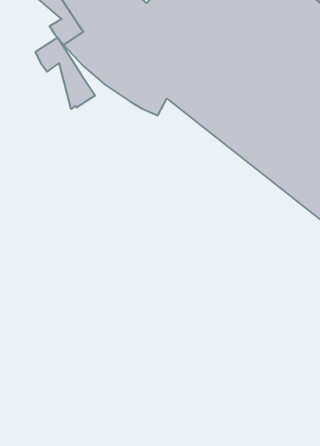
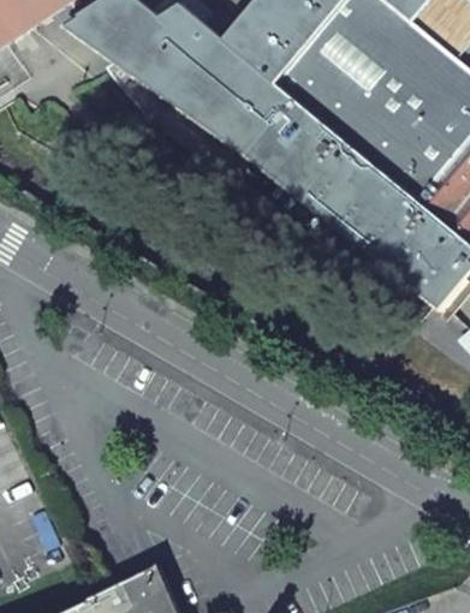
building: [36,38,95,109] -> none

